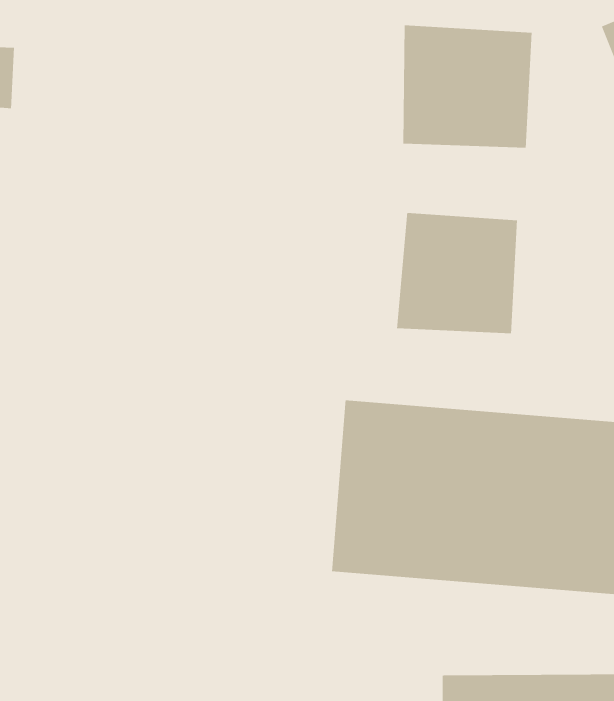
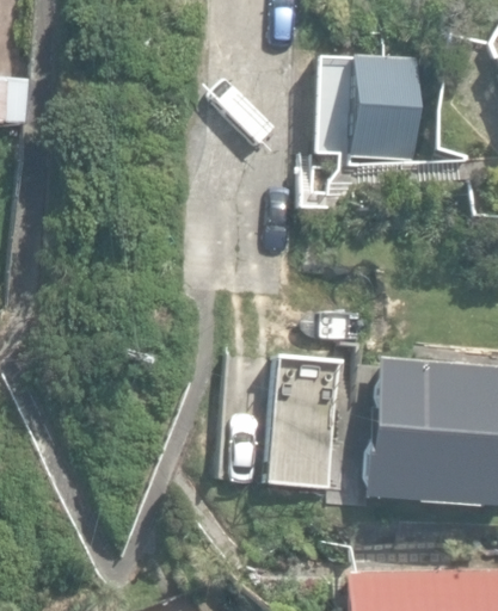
building: [396,212,518,334] -> none

